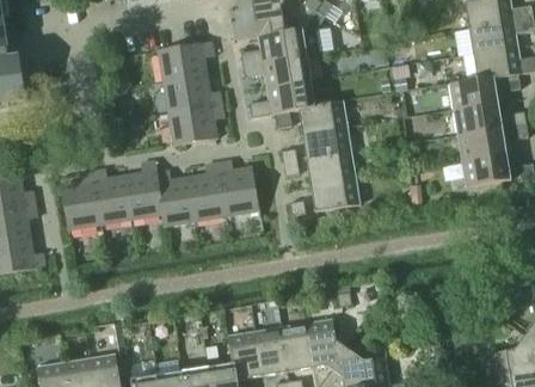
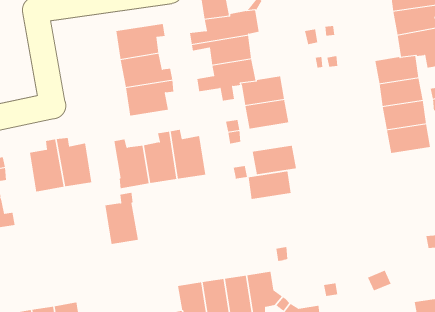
building: [307,152,356,184] -> [248,171,291,200]
building: [124,160,162,219] -> [105,192,139,245]

